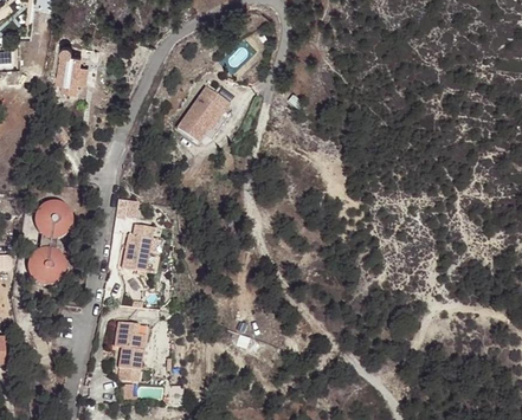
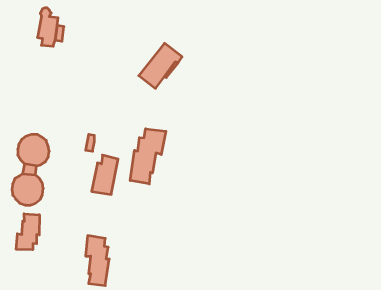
building: none -> [130,129,166,184]
building: none -> [16,214,39,250]

